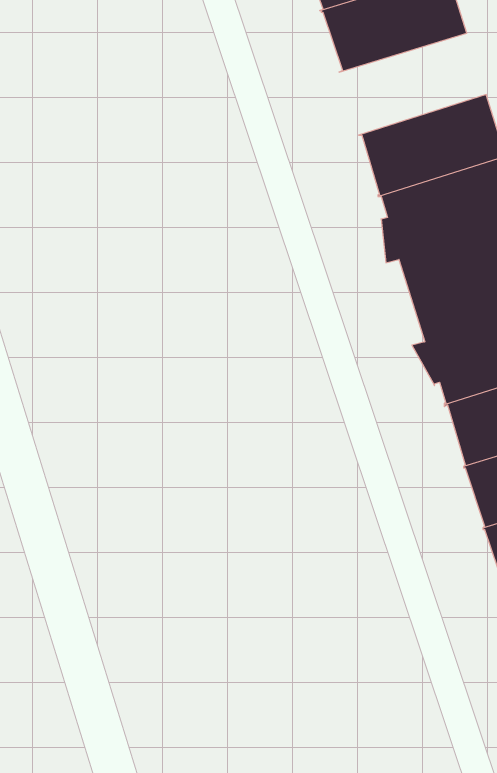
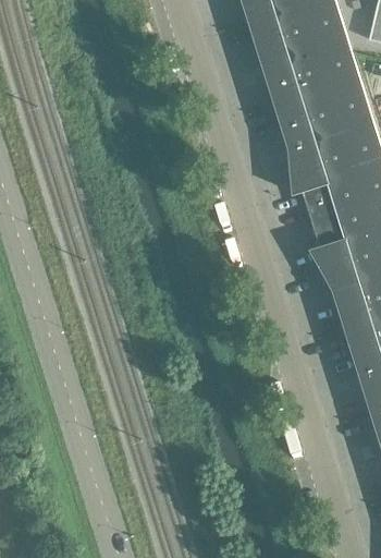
building: none -> [260,38,359,107]

